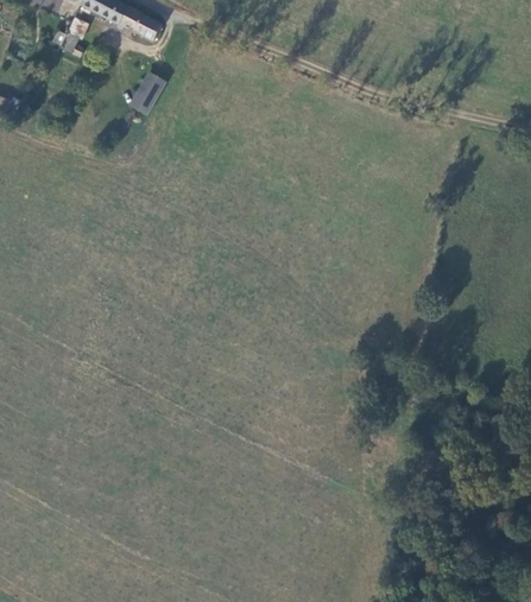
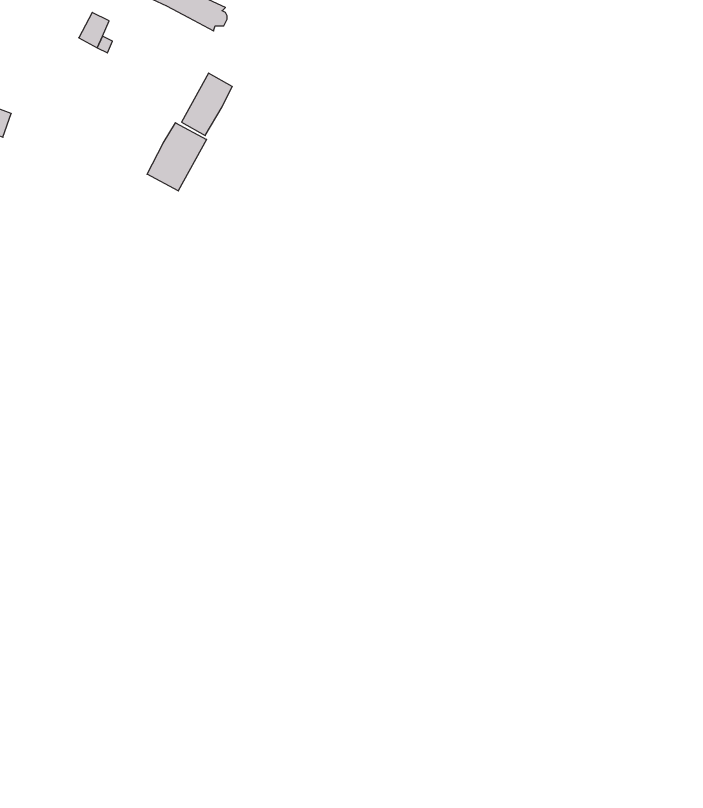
building: none -> [147,123,207,191]

